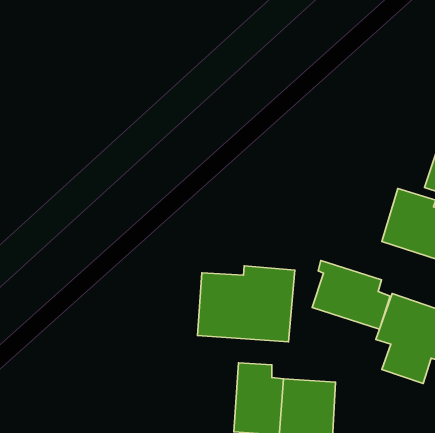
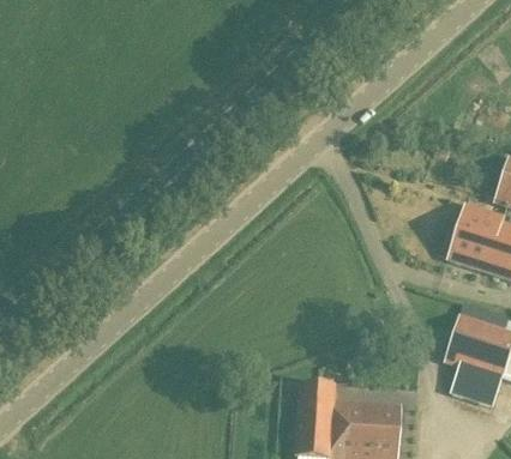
building: [312,261,390,329] -> none
building: [198,266,295,342] -> none

